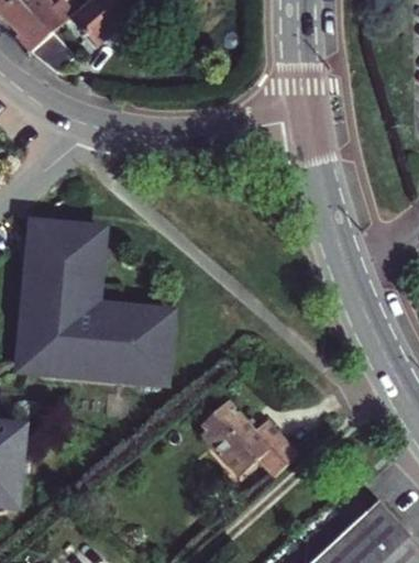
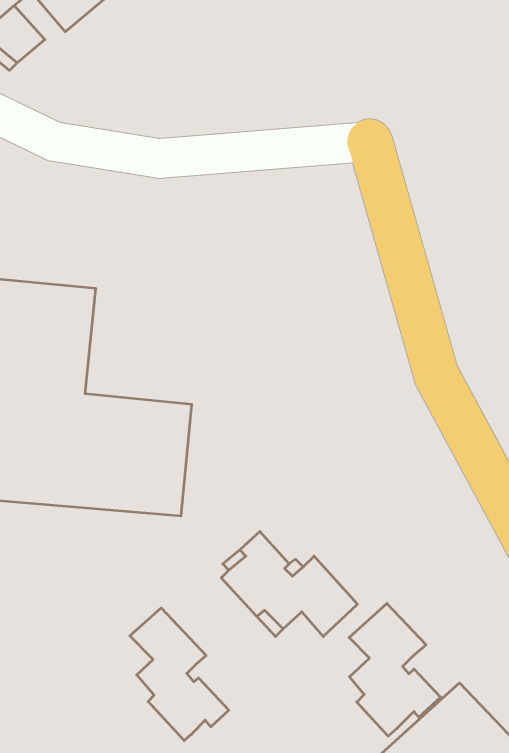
building: none -> [349,603,441,736]
building: none -> [130,608,229,741]

